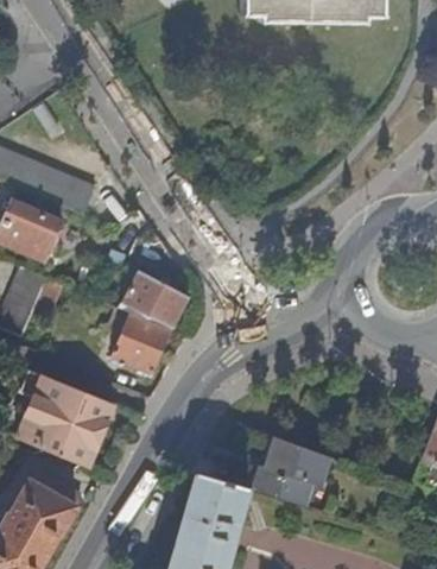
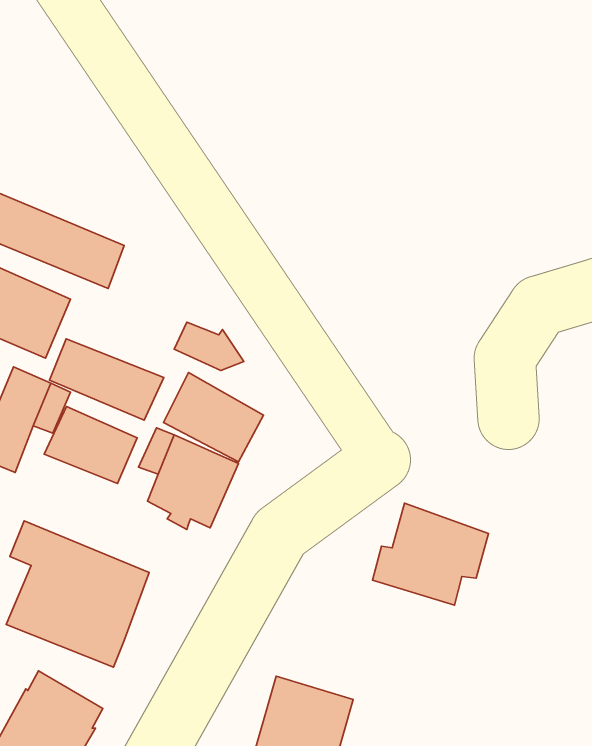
building: none -> [49,339,164,420]
building: none -> [44,406,137,484]
building: [252,437,329,505] -> [372,503,489,605]

